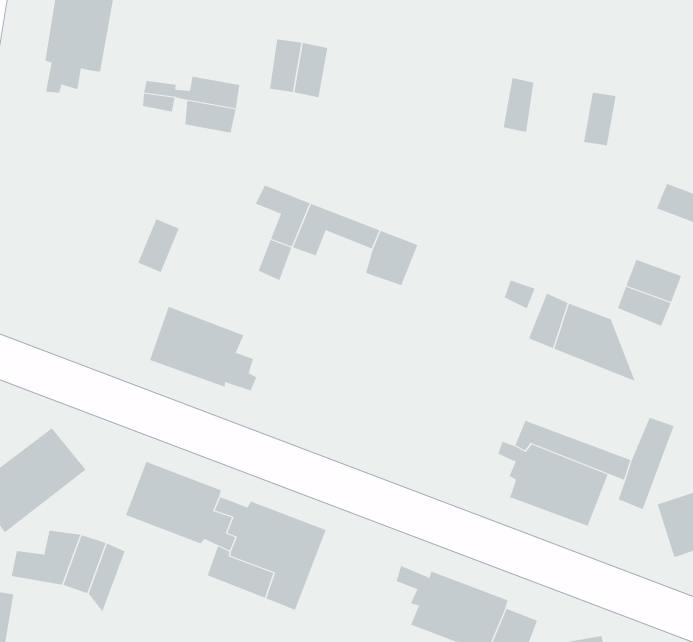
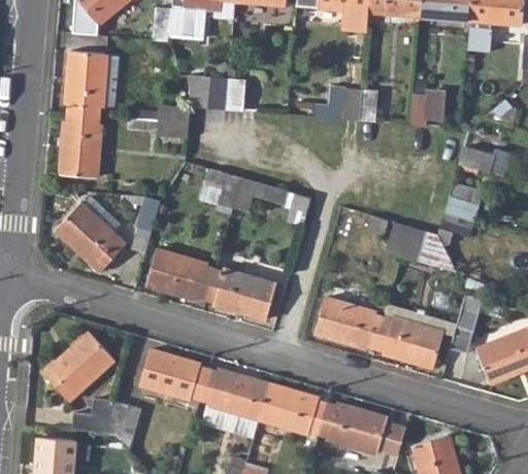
building: none -> [60,105,101,177]
building: none -> [312,89,362,121]
building: none -> [56,203,126,271]
building: none -> [202,268,274,319]
building: none -> [315,299,385,351]
building: none -> [258,383,330,436]

